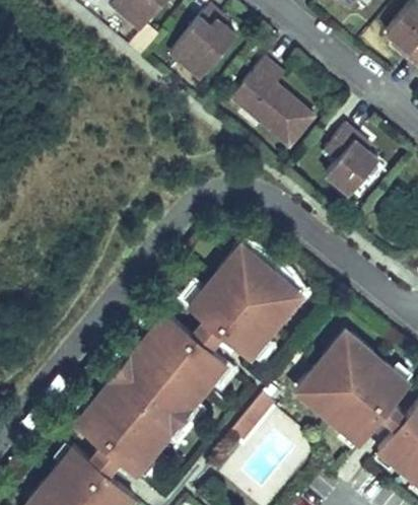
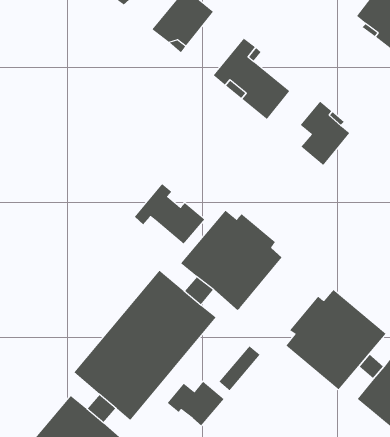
building: none -> [134,183,205,244]
building: none -> [167,381,224,426]

